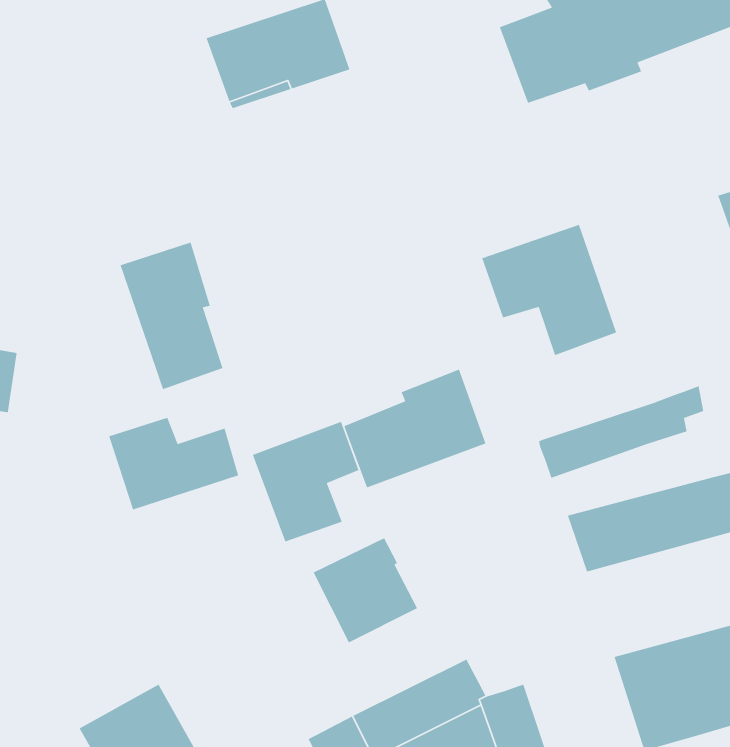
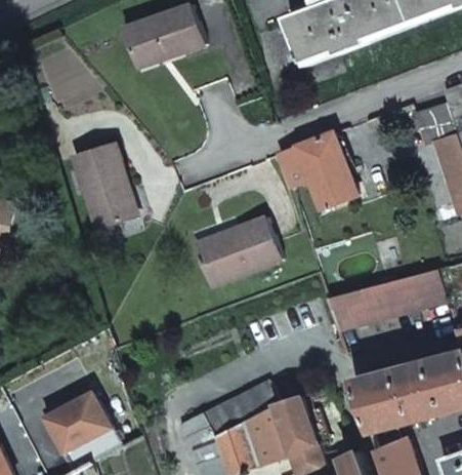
building: [538,385,704,479] -> none
building: [108,417,239,511] -> none
building: [252,421,359,543] -> none
building: [313,537,418,643] -> none

